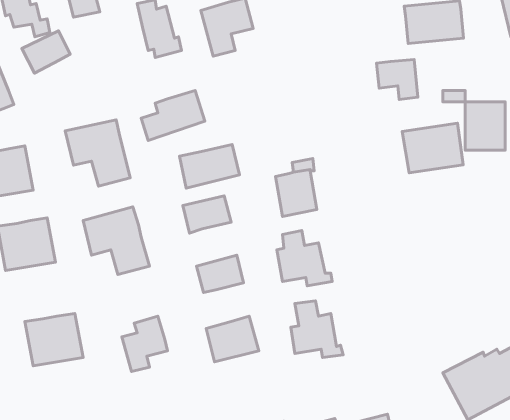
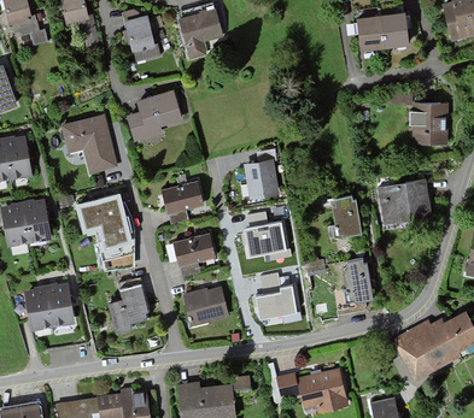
building: [22,31,70,73] -> none
building: [377,60,418,99] -> none
building: [402,123,463,173] -> [375,178,428,222]
building: [179,144,240,188] -> none
building: none -> [330,196,358,236]
building: none -> [340,257,369,302]

